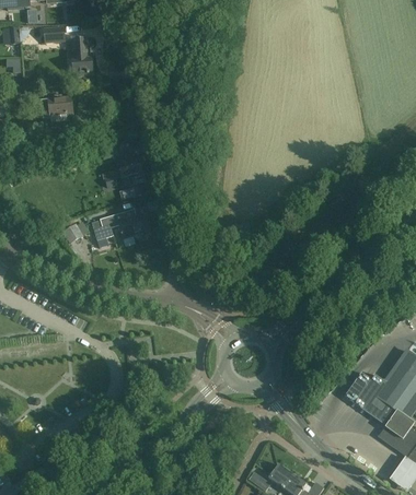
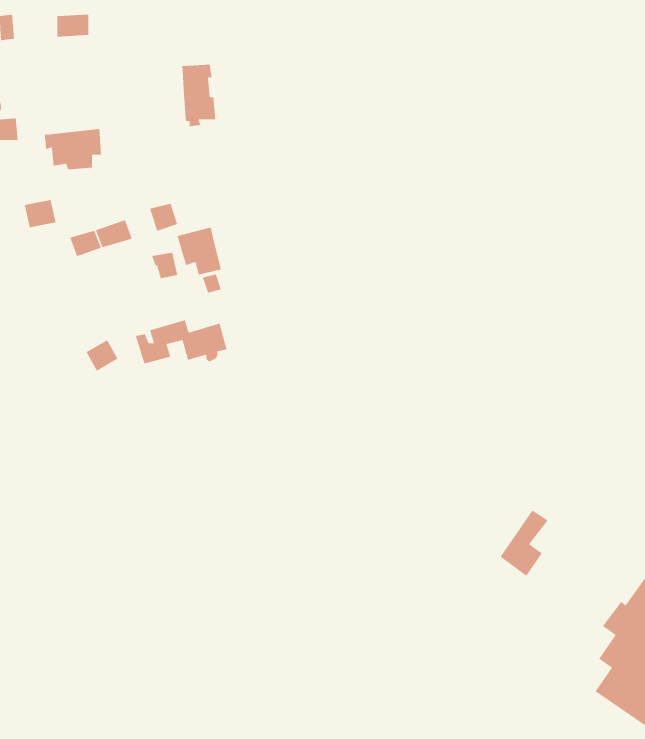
building: [71,38,92,76] -> [181,64,216,127]
building: [354,375,383,415] -> [499,510,548,577]

